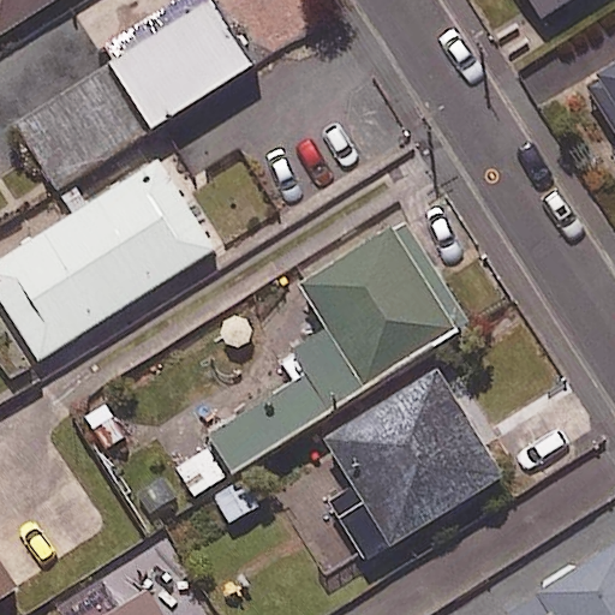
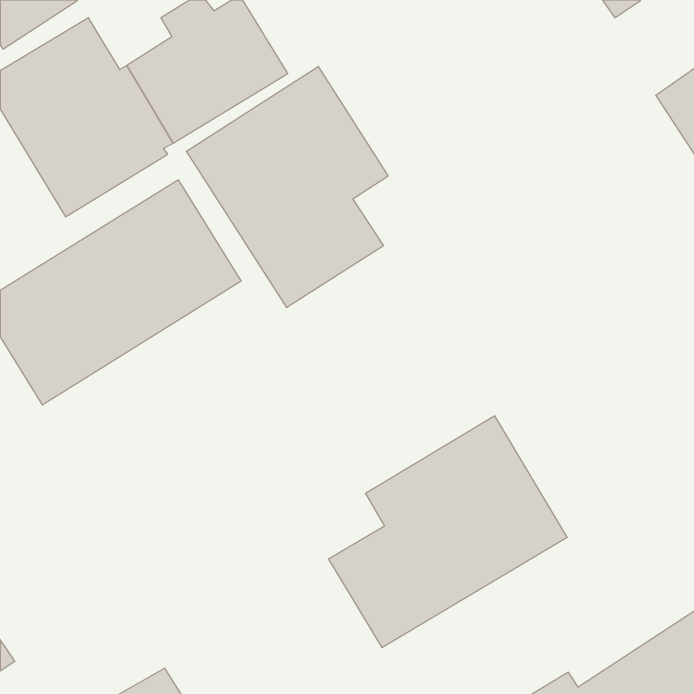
building: none -> [186,66,388,308]
building: [201,217,464,468] -> none

